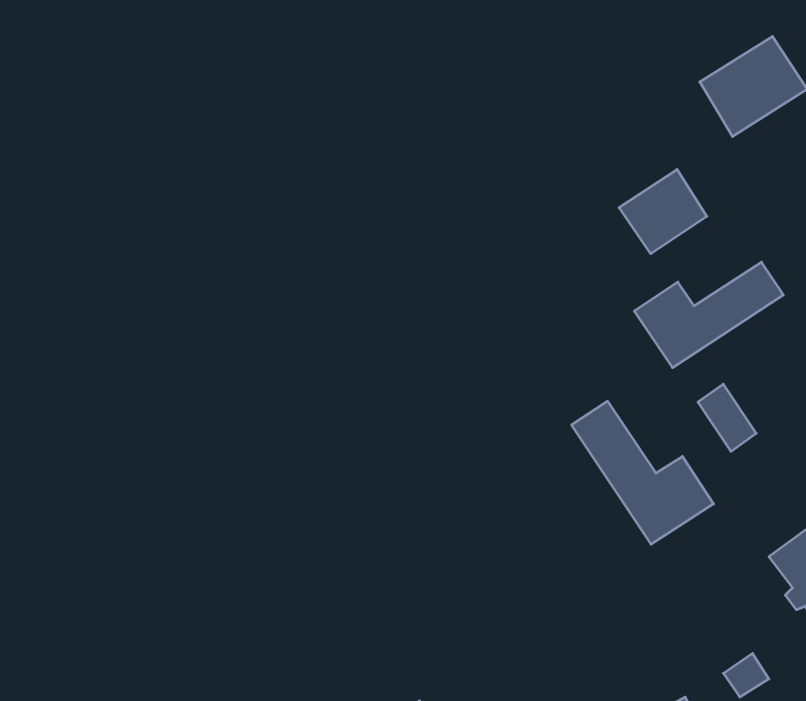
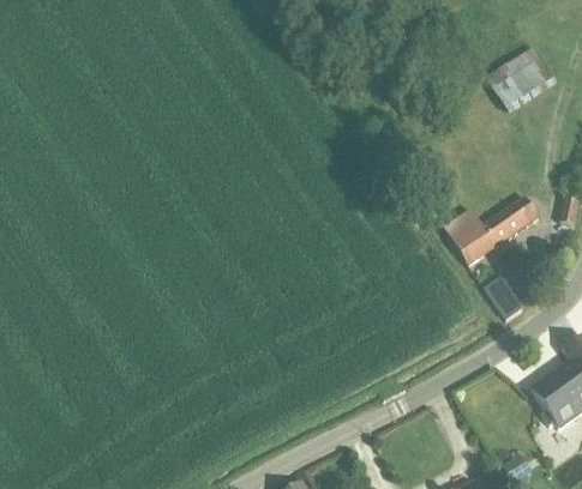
building: [619,169,707,254] -> none
building: [572,401,714,544] -> none

